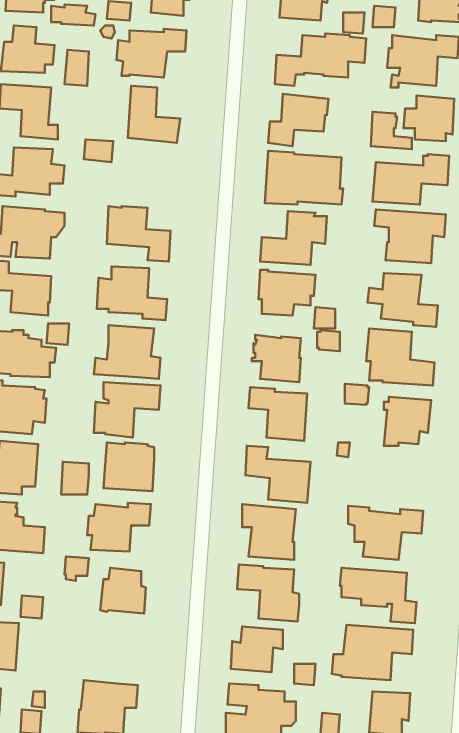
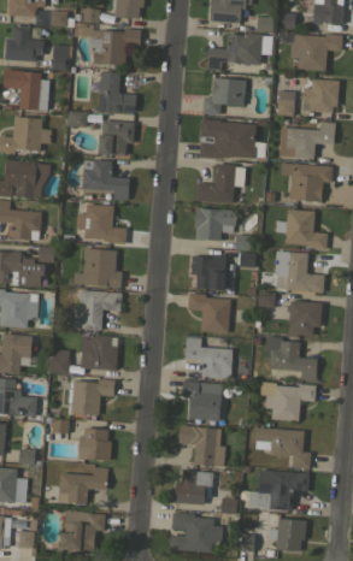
building: none -> [98,120,134,155]
building: none -> [266,336,317,380]
building: none -> [58,467,107,503]

